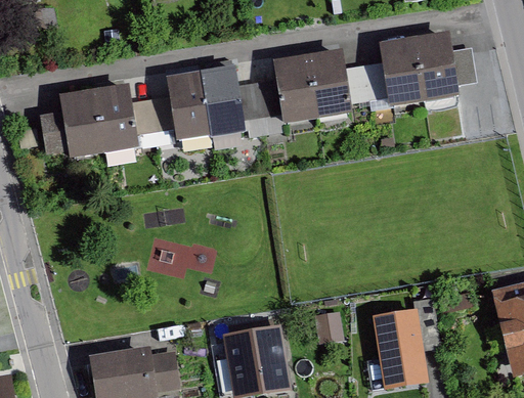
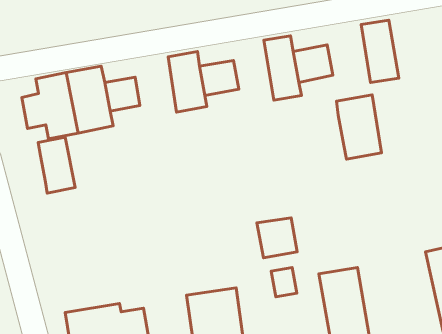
building: [379,37,429,108] -> [336,95,381,159]
building: [274,54,321,127] -> none
building: [164,73,213,140] -> none
building: none -> [38,137,75,193]
building: none -> [257,218,297,258]

